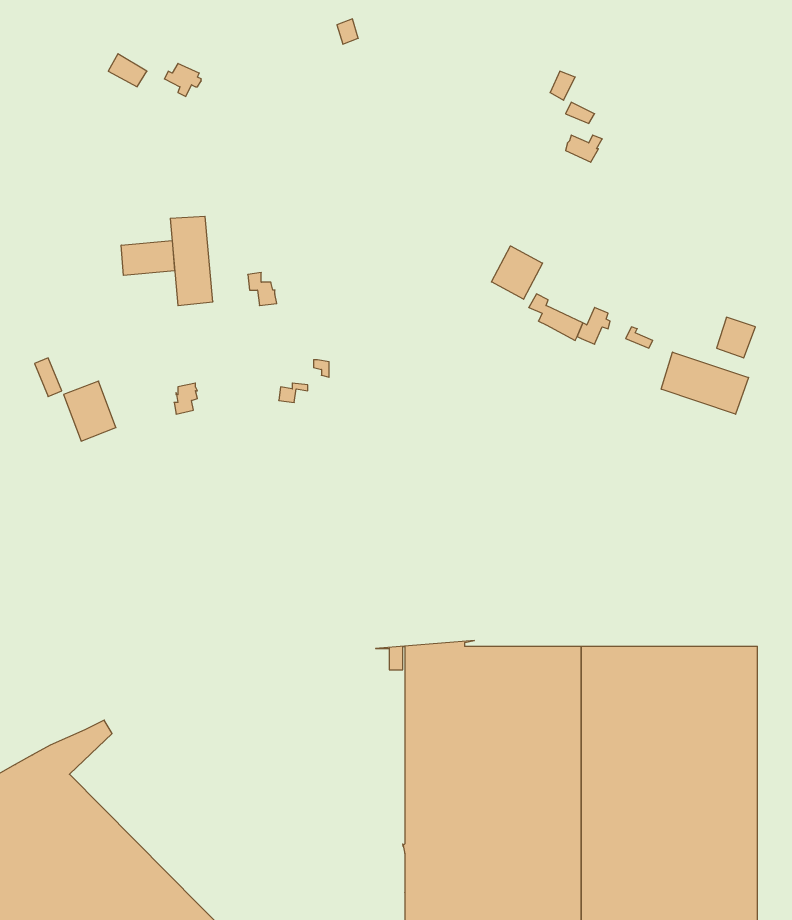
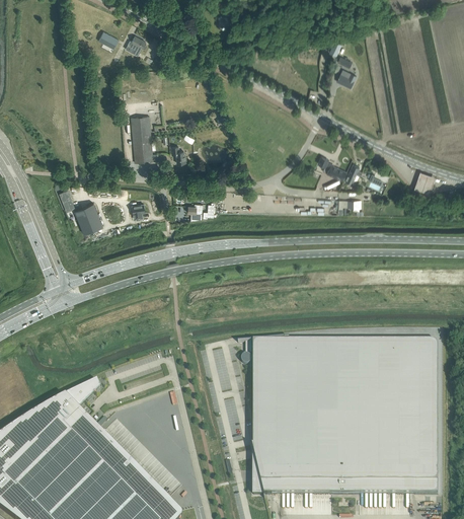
building: [121,241,174,275] -> none
building: [491,246,543,299] -> none
building: [661,352,749,414] -> none

